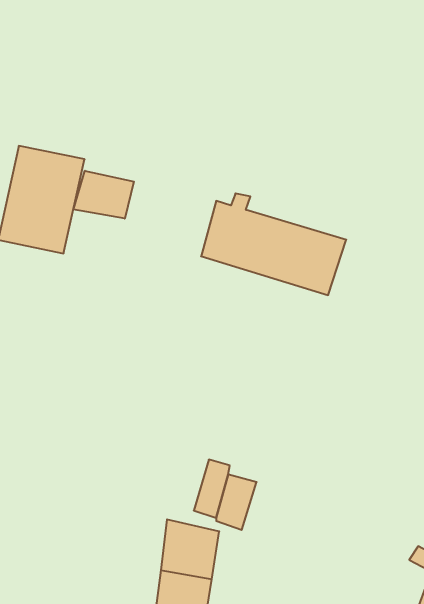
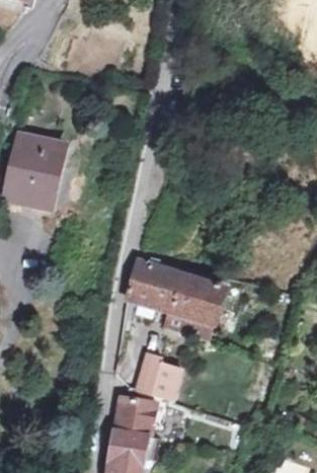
building: [73,171,134,219] -> none
building: [201,193,346,295] -> [128,254,226,323]

